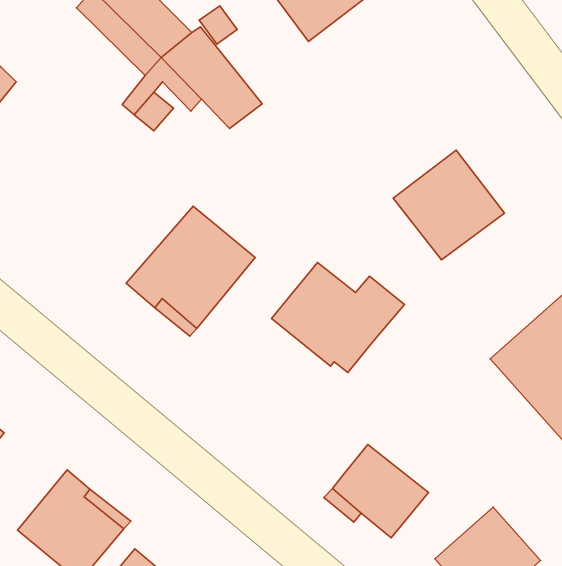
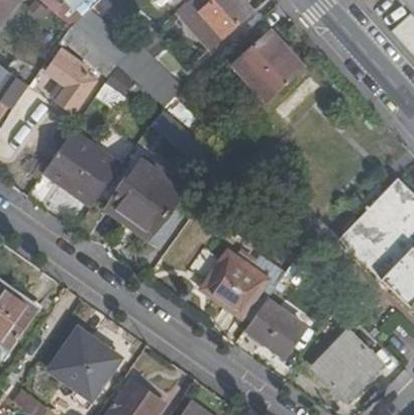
building: none -> [44,48,95,111]
building: [393,150,505,260] -> [232,31,303,101]
building: none -> [44,129,121,205]
building: [272,262,404,372] -> [201,250,284,318]

